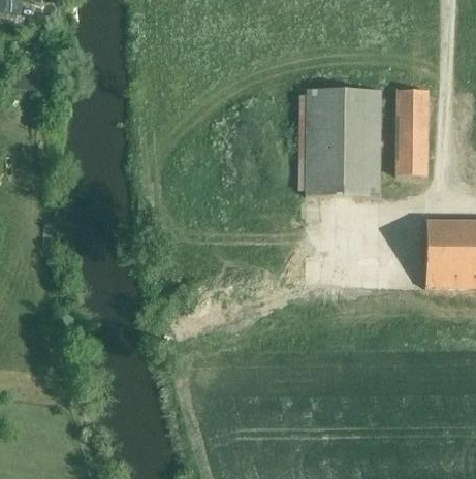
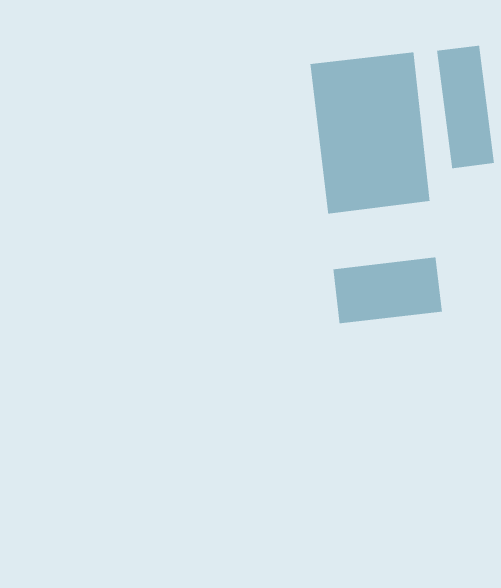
building: none -> [332,257,443,324]

